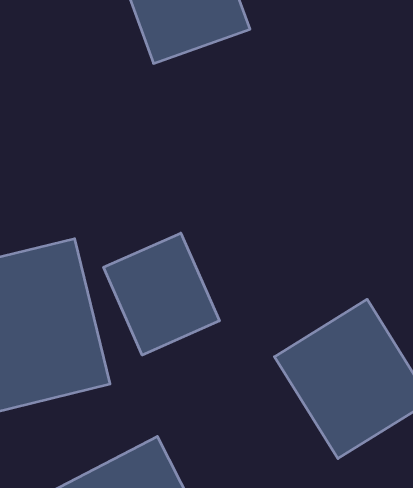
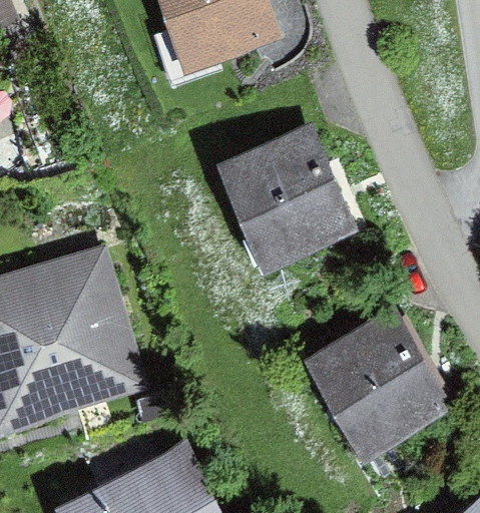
building: none -> [216,124,361,276]
building: [104,233,219,355] -> none

